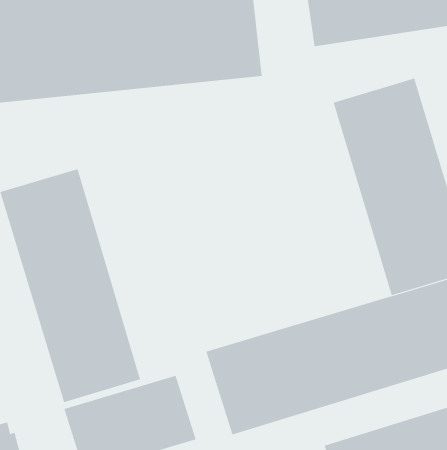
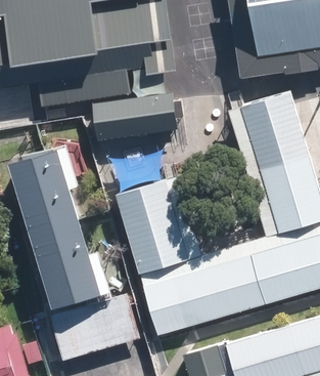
building: none -> [91,89,188,139]
building: none -> [122,175,195,269]

